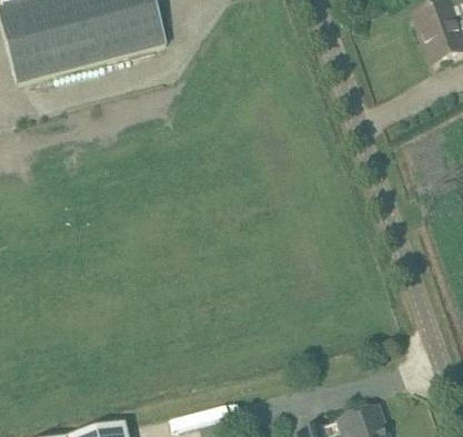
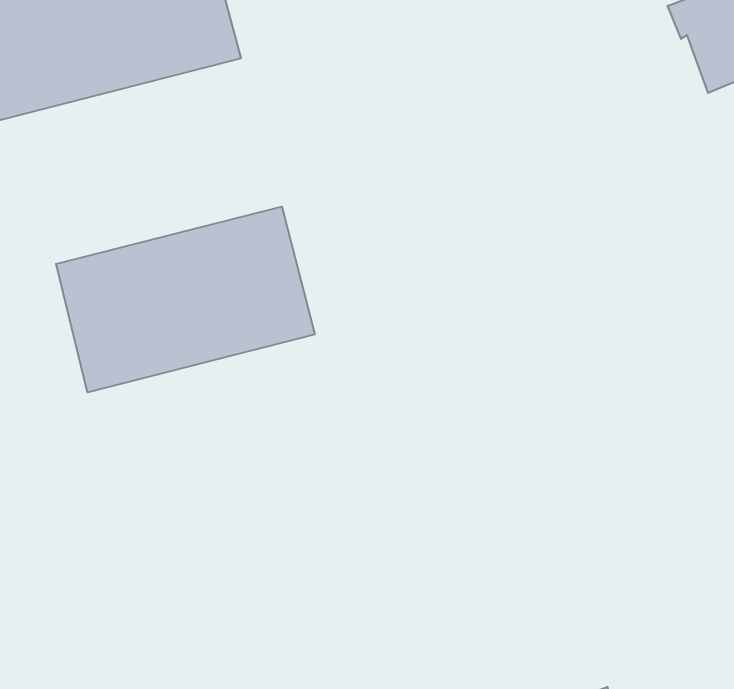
building: none -> [56,207,315,392]

